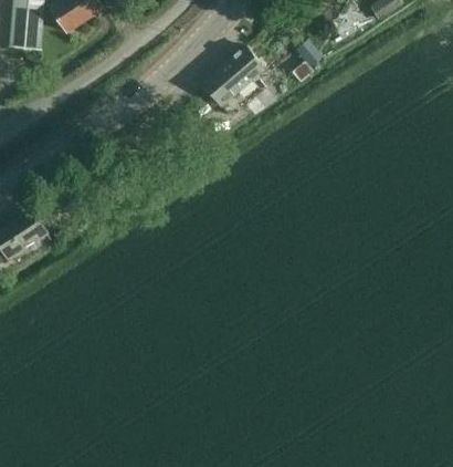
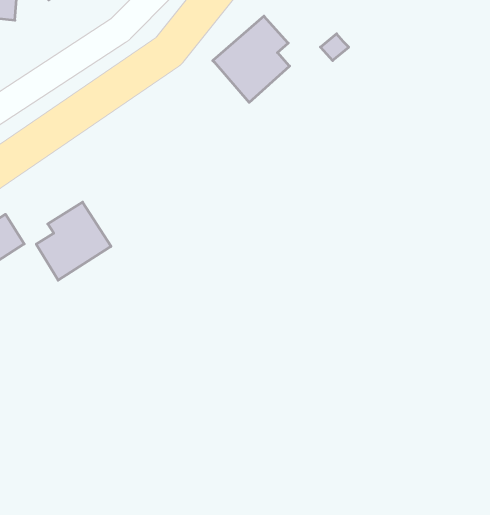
building: none -> [36,202,111,280]

